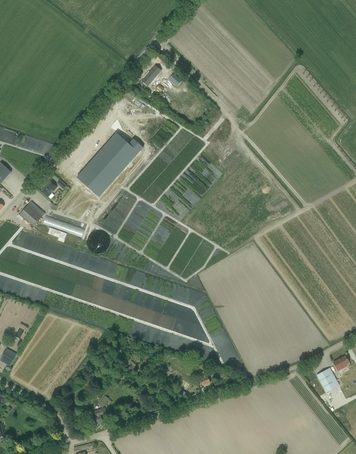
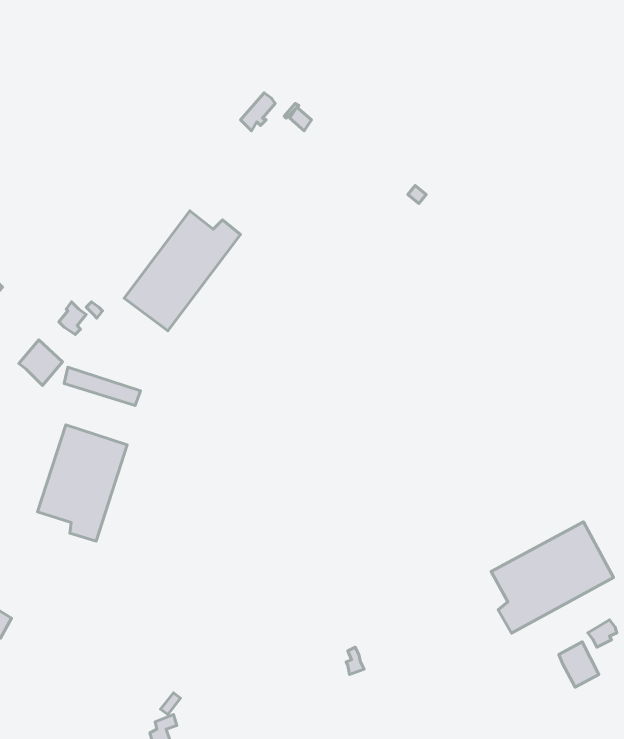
building: none -> [38,425,127,541]
building: none -> [491,522,614,633]

